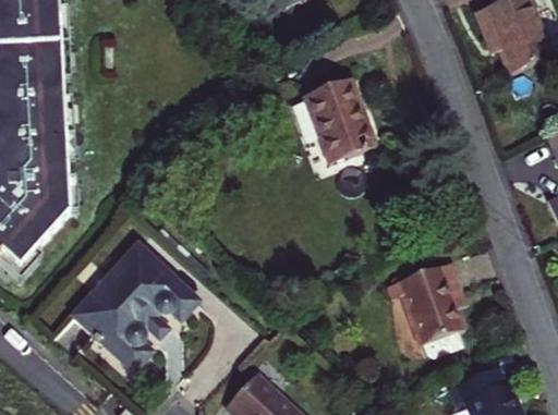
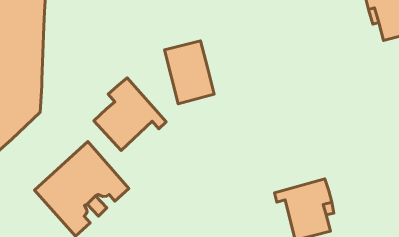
building: [302,77,373,162] -> [164,41,214,104]
building: none -> [94,78,166,151]

